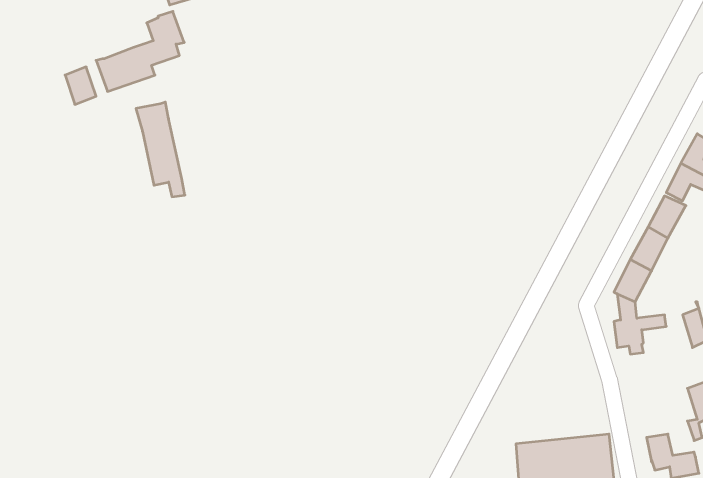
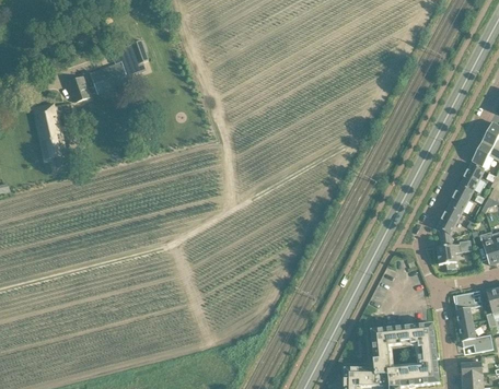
building: [136,102,185,197] -> [34,103,67,166]
building: none -> [455,292,483,325]

